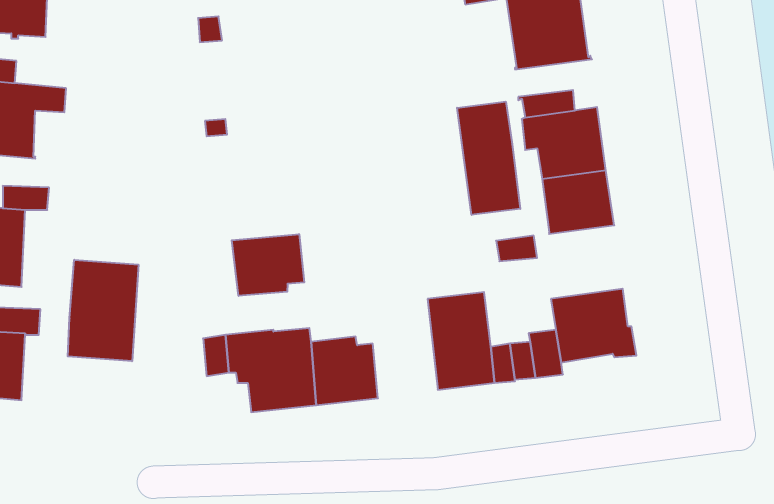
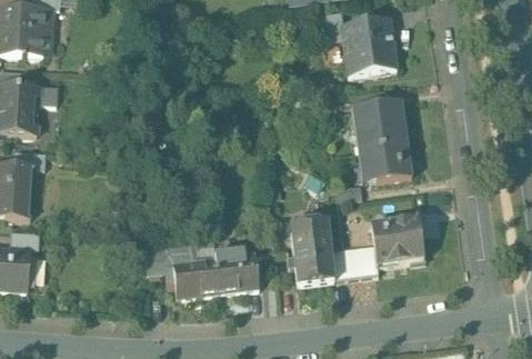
building: [457,102,520,215] -> none
building: [232,234,304,296] -> none
building: [68,260,138,361] -> none

